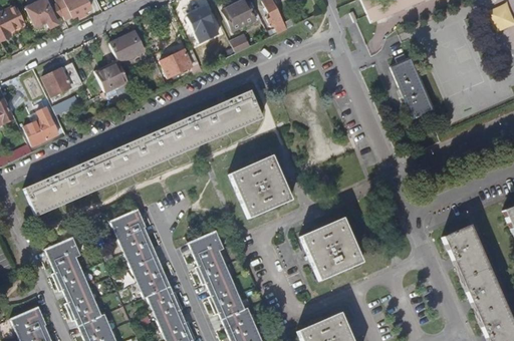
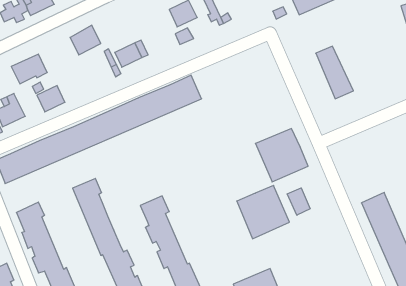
building: [186,8,217,44] -> none
building: [95,64,127,94] -> [37,86,65,112]
building: [228,155,288,217] -> [255,129,308,182]
building: none -> [287,188,310,215]

